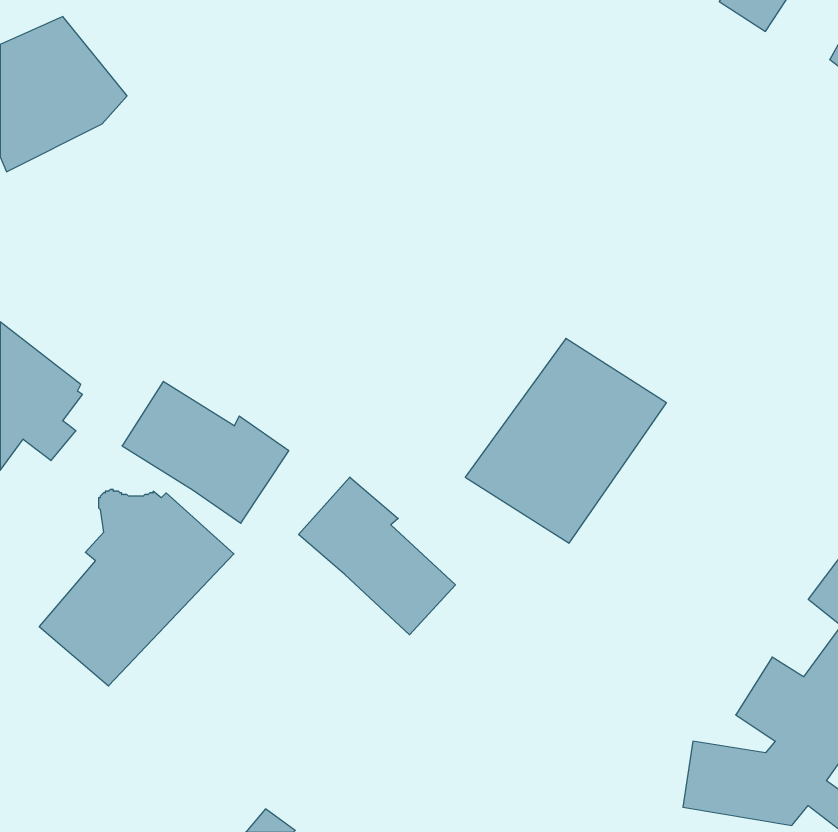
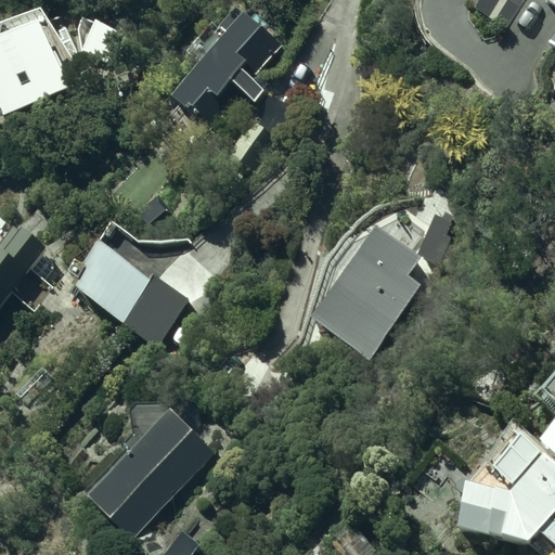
building: none -> [166,13,283,128]
building: [299,477,455,635] -> none
building: [39,490,234,686] -> [85,405,212,534]

